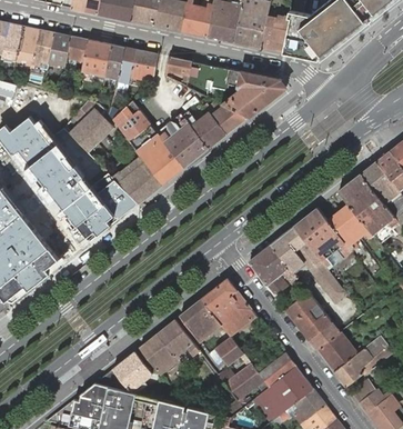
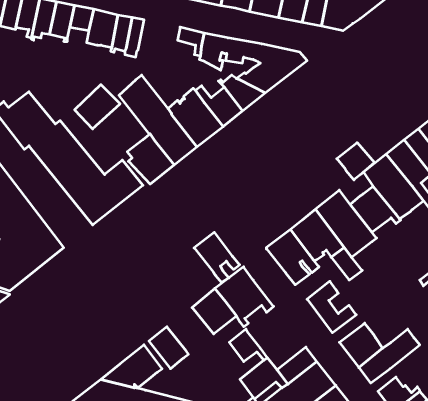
building: [130,50,158,83] -> none
building: none -> [337,143,375,180]
building: [157,320,199,367] -> [194,232,240,283]

